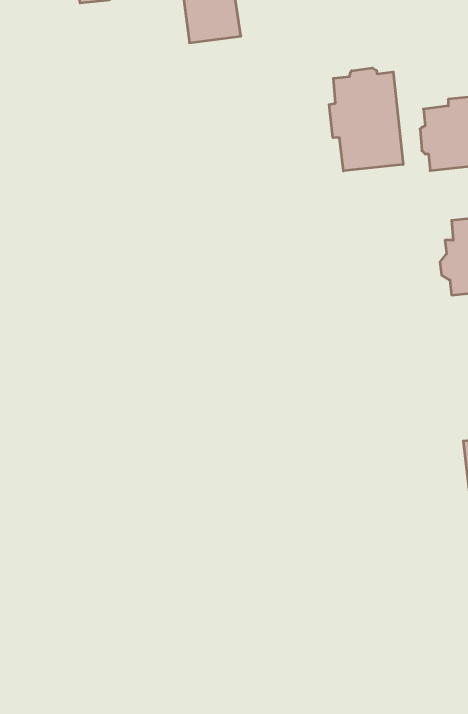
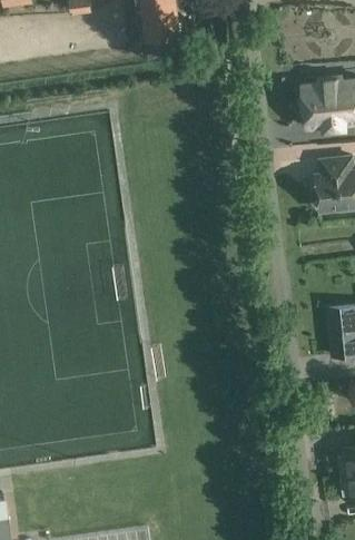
building: [329,68,403,171] -> none

